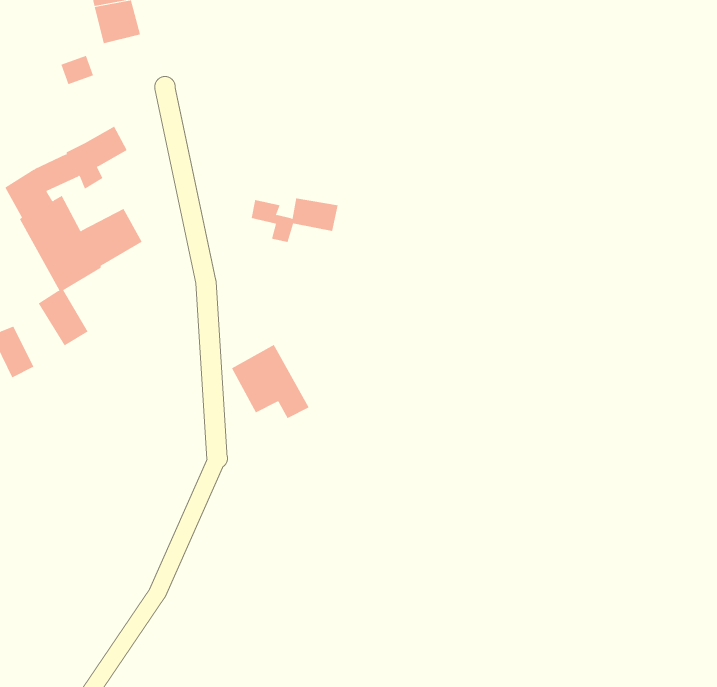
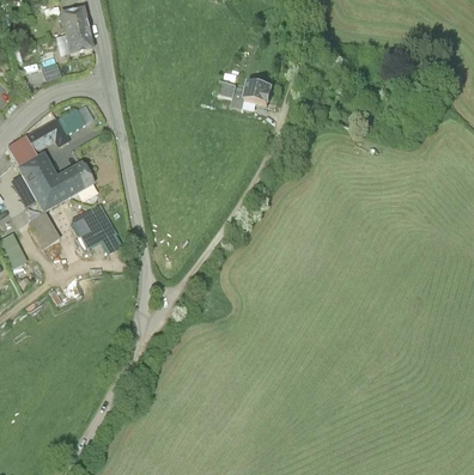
building: [251,198,339,243] -> [218,79,274,108]
building: [231,344,310,419] -> [72,206,122,254]

